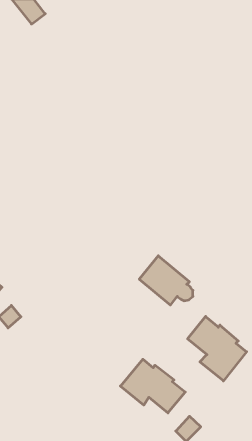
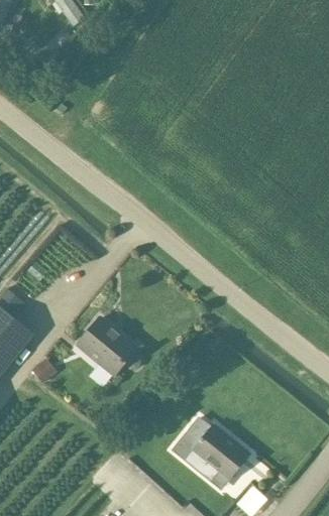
building: [139,256,193,305] -> [78,317,140,375]
building: [188,316,247,381] -> none

